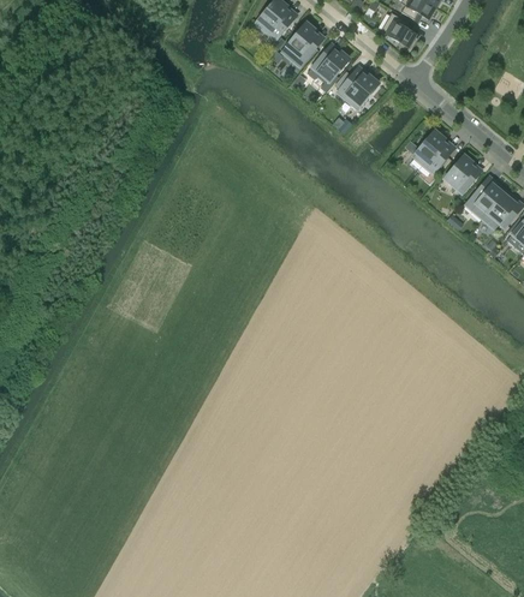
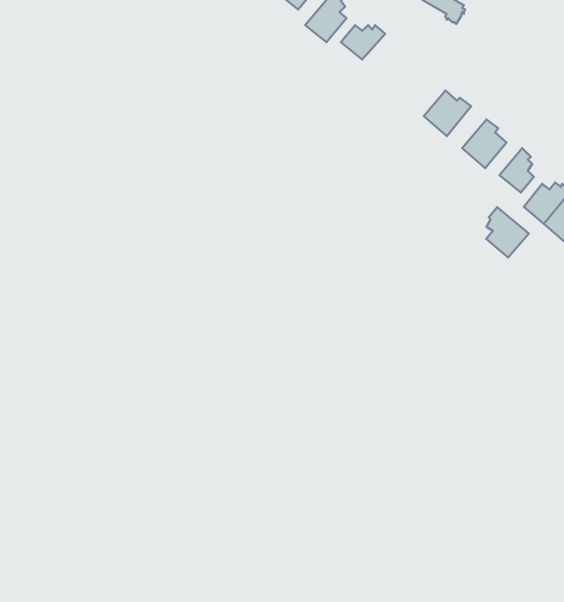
building: [338,70,377,108] -> [424,91,471,136]
building: none -> [486,207,529,258]

